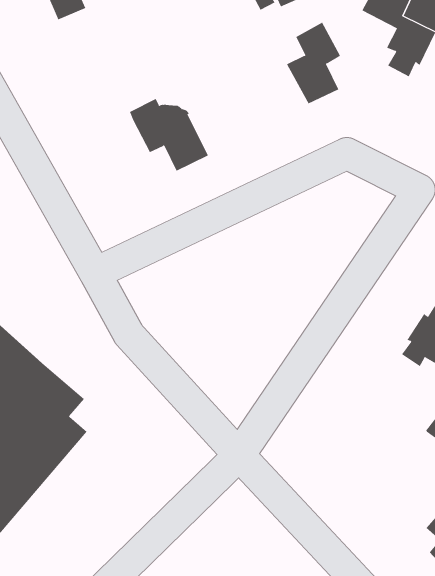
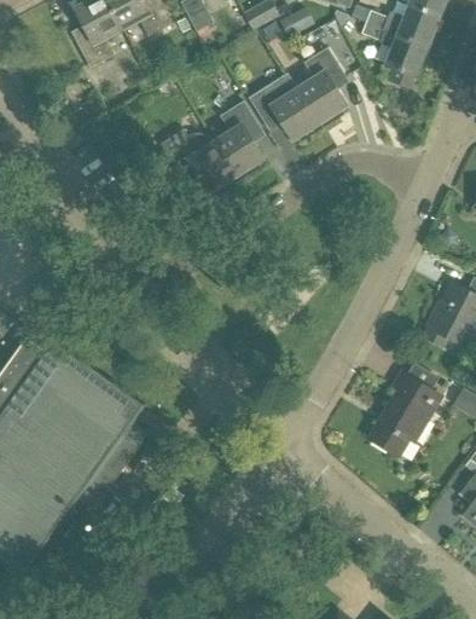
building: none -> [246,71,319,139]
building: none -> [213,100,262,175]
building: none -> [368,370,441,455]

